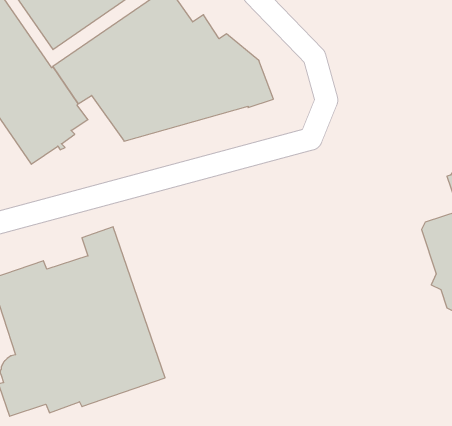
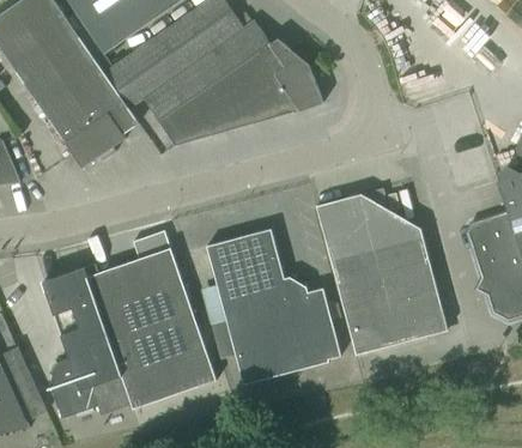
building: none -> [316,188,448,355]
building: none -> [206,229,341,385]

